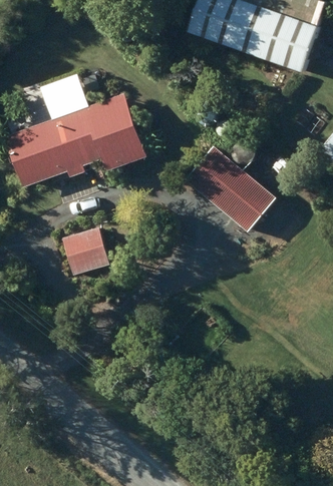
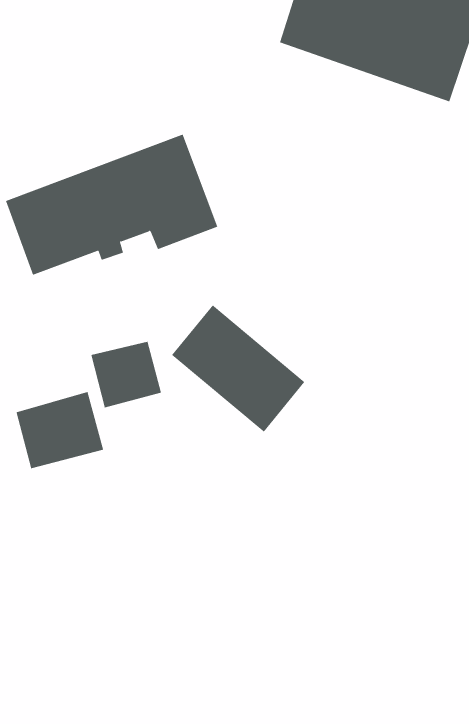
building: [187,145,275,229] -> [171,305,305,432]
building: none -> [16,391,104,469]

